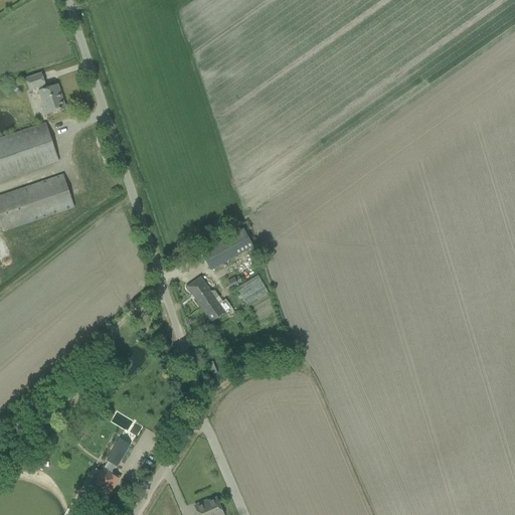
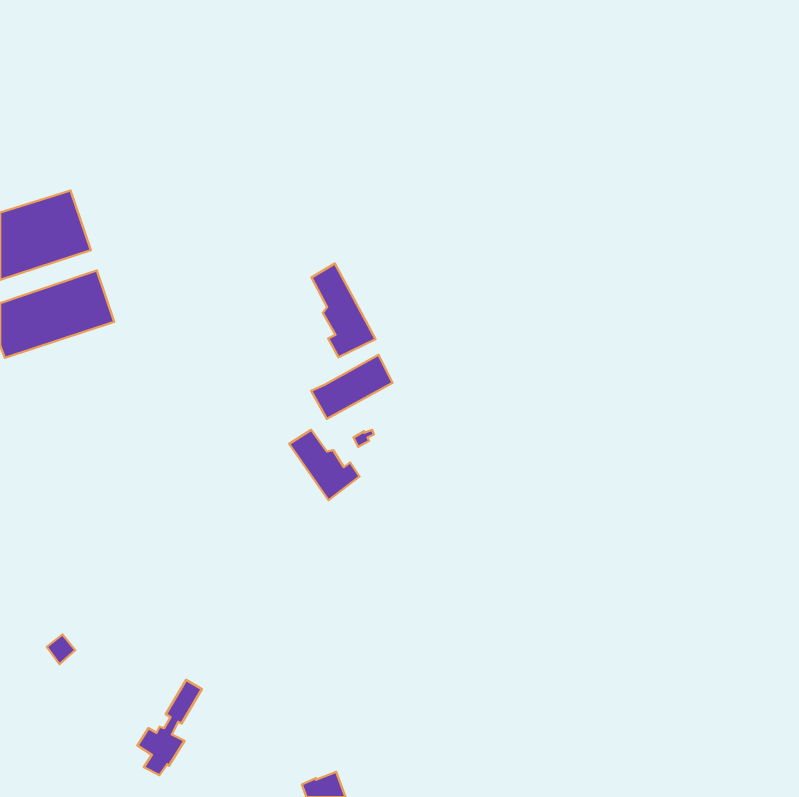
building: [25,72,65,113] -> none
building: none -> [311,263,376,357]
building: [236,275,268,304] -> none

